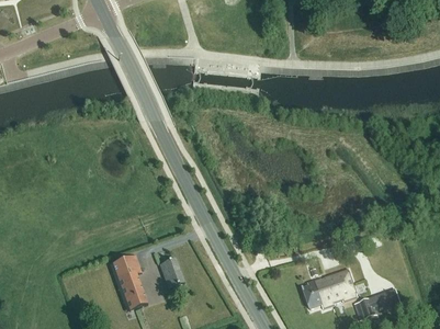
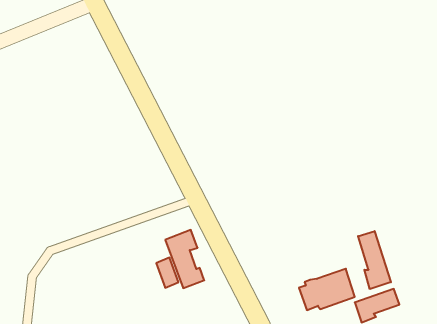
building: none -> [358,231,391,289]
building: [110,254,148,311] -> [165,230,204,288]

